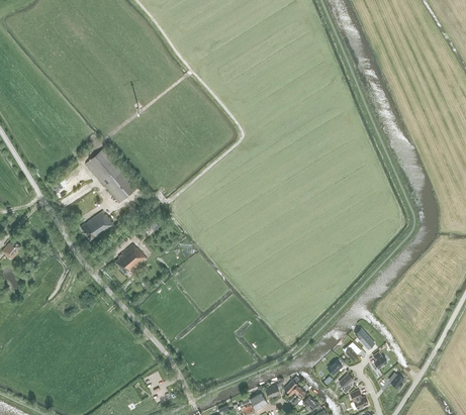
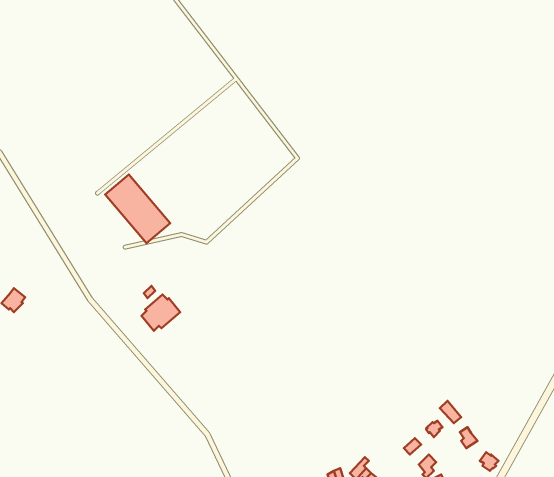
building: [80,211,114,240] -> none

